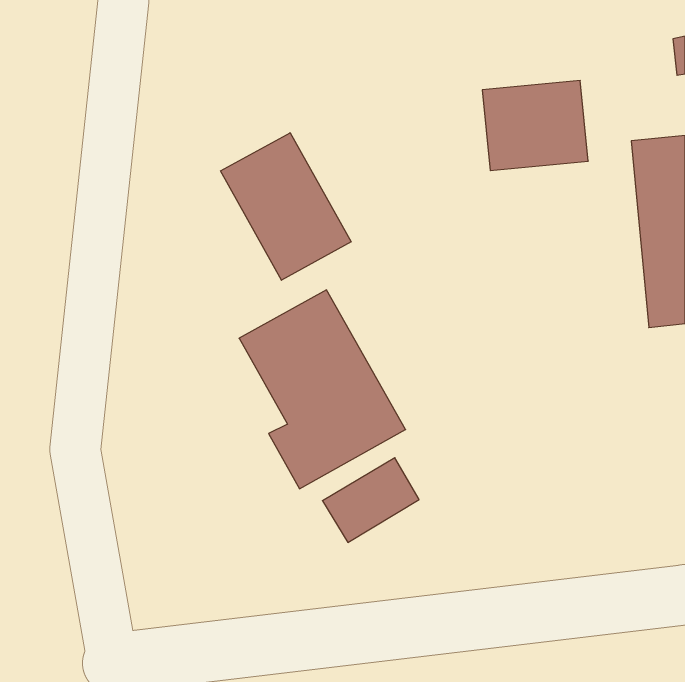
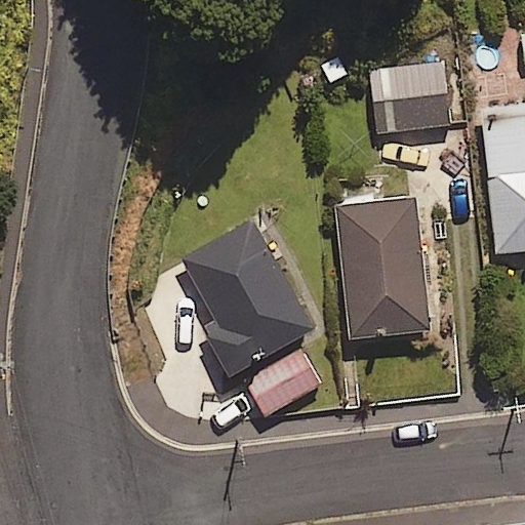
building: [221,133,351,280] -> none
building: none -> [334,169,430,338]

